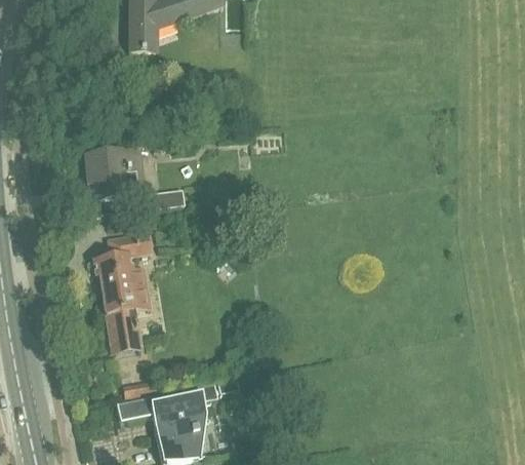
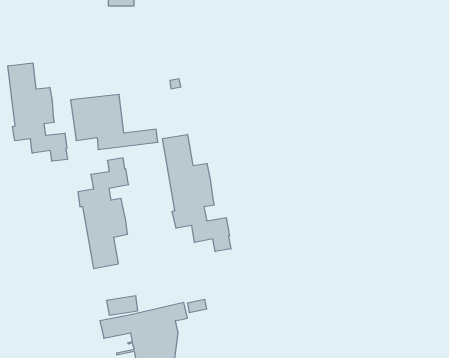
building: none -> [8,63,67,161]
building: none -> [162,134,231,252]

